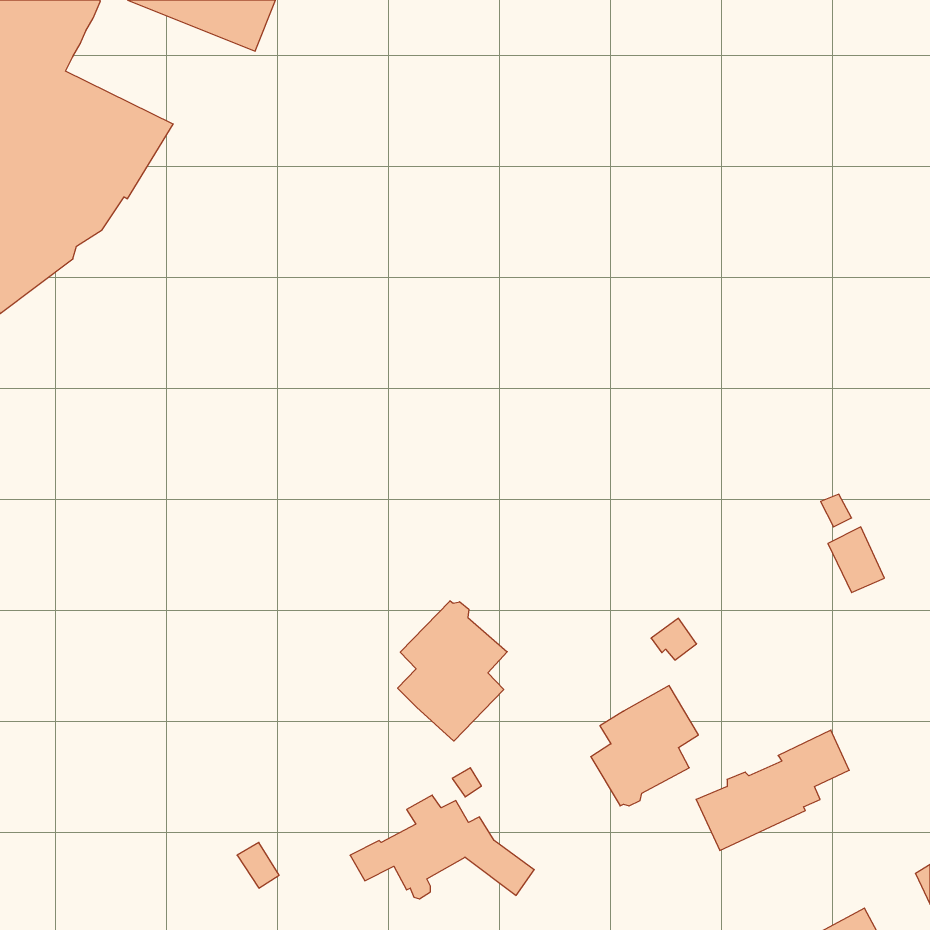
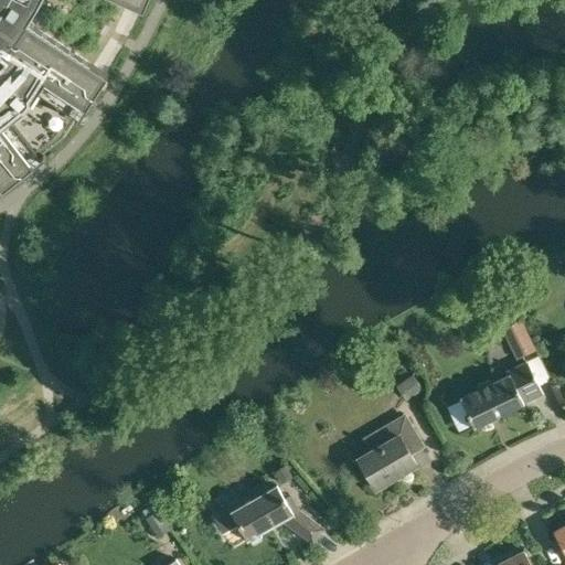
building: [398,601,507,741] -> none
building: [696,730,849,850] -> [456,355,548,428]

